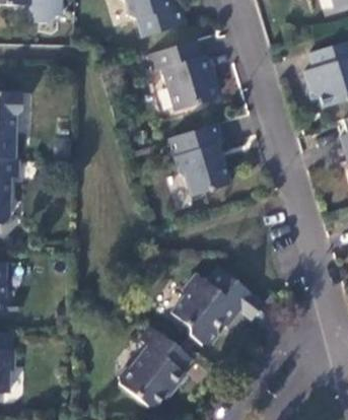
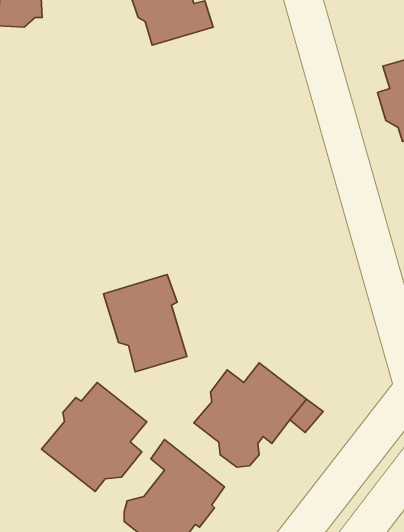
building: [148,40,215,110] -> none
building: [168,124,229,195] -> [103,274,187,372]
building: none -> [41,383,147,492]

